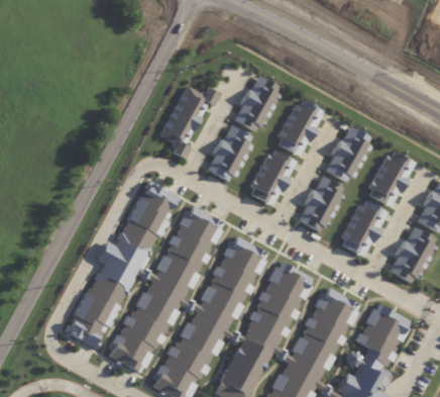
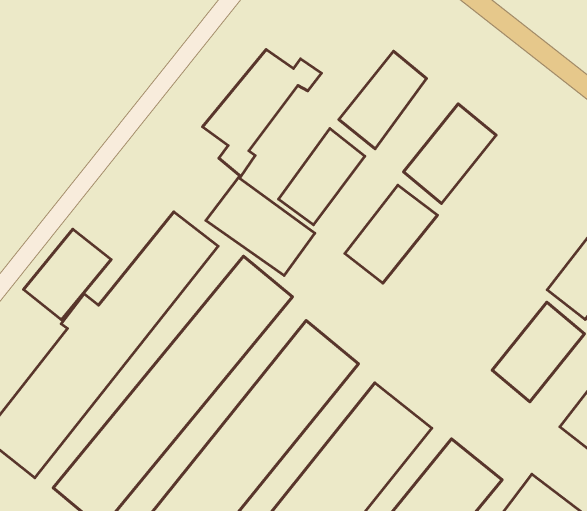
building: [324,125,372,183] -> none
building: none -> [206,177,315,276]
building: [298,177,346,233] -> none
building: none -> [23,229,111,320]

